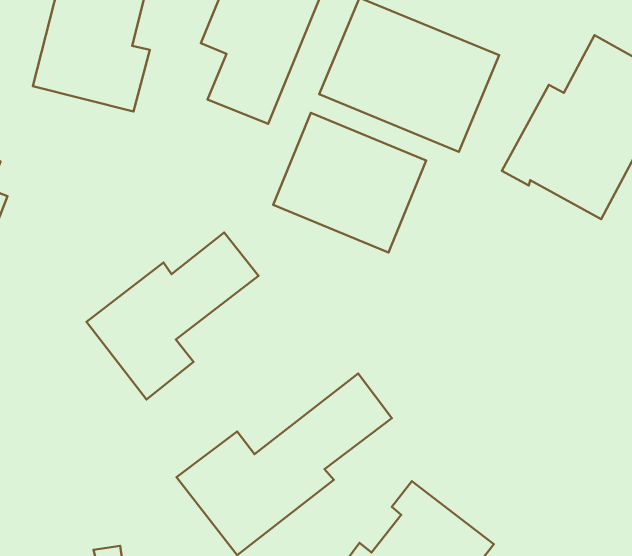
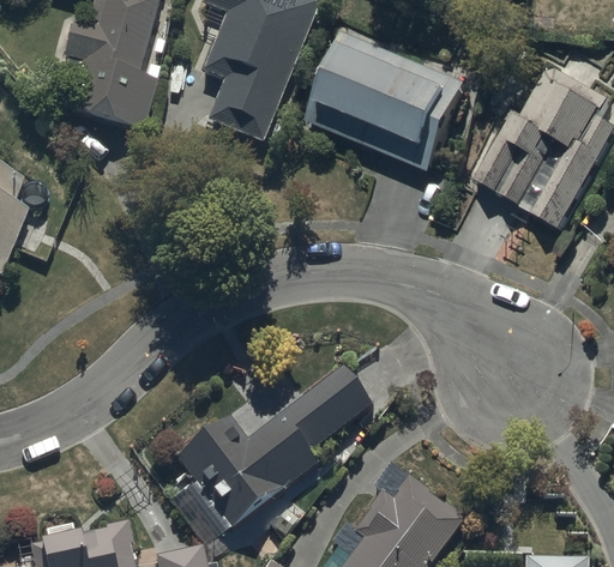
building: [273,113,426,252] -> none
building: [87,232,258,400] -> none

